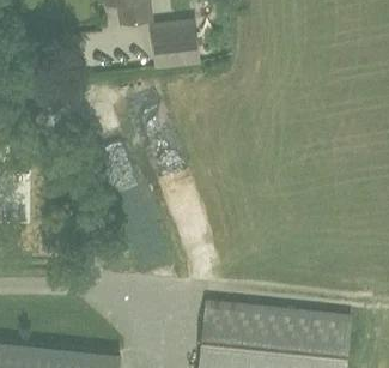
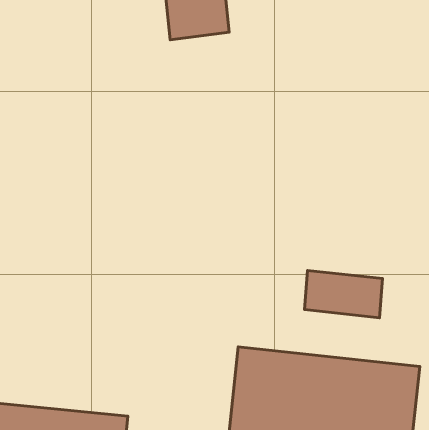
building: none -> [304,270,383,318]

